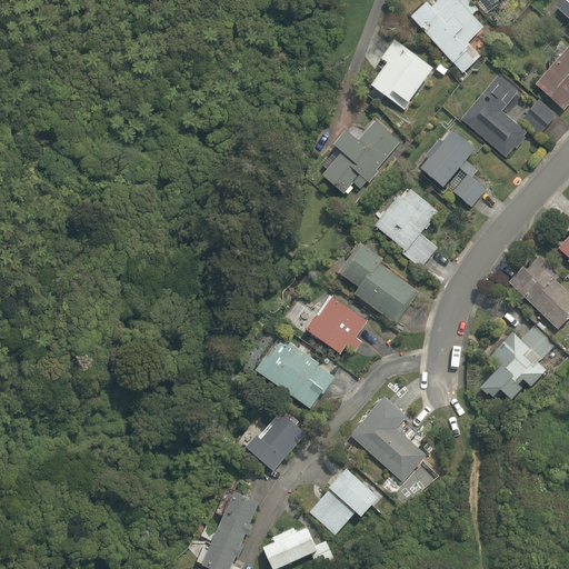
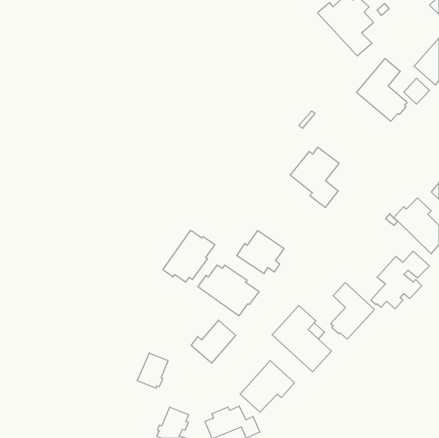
building: [368,41,432,109] -> none
building: [321,121,399,193] -> none
building: [420,131,485,207] -> none
building: [338,242,418,323] -> none
building: none -> [163,230,215,282]
building: none -> [331,283,374,339]
building: [219,490,259,536] -> [137,353,168,388]

